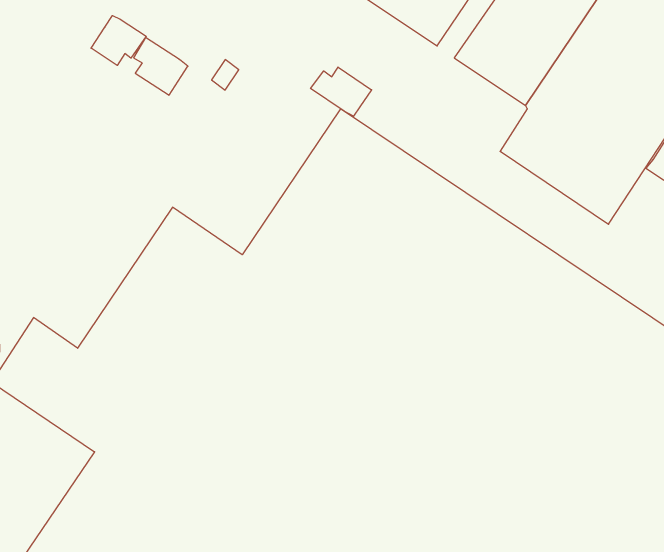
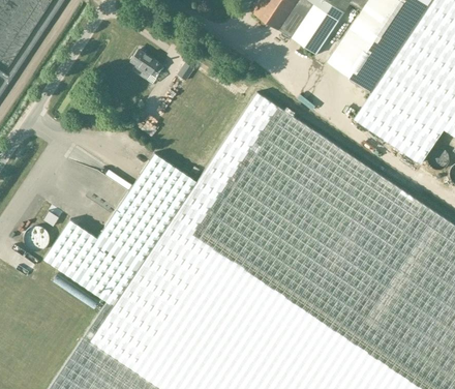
building: [91,16,146,65] -> none
building: [311,67,372,116] -> none

